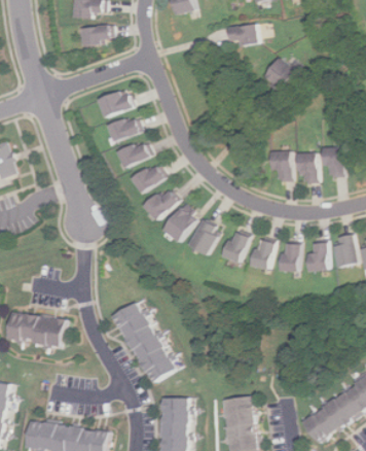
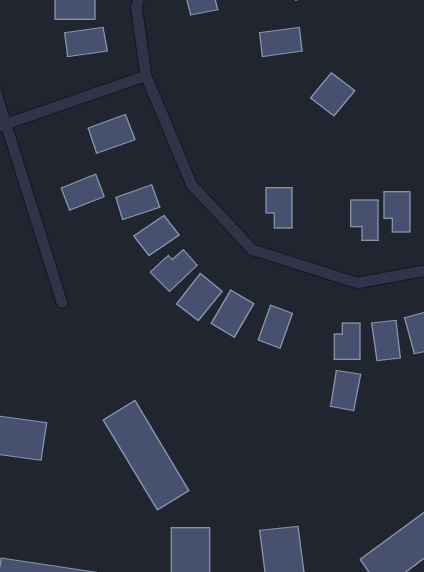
building: [108,115,140,142] -> [61,174,104,210]
building: [267,150,287,180] -> [266,188,292,228]
building: [253,239,276,269] -> [330,370,361,410]

